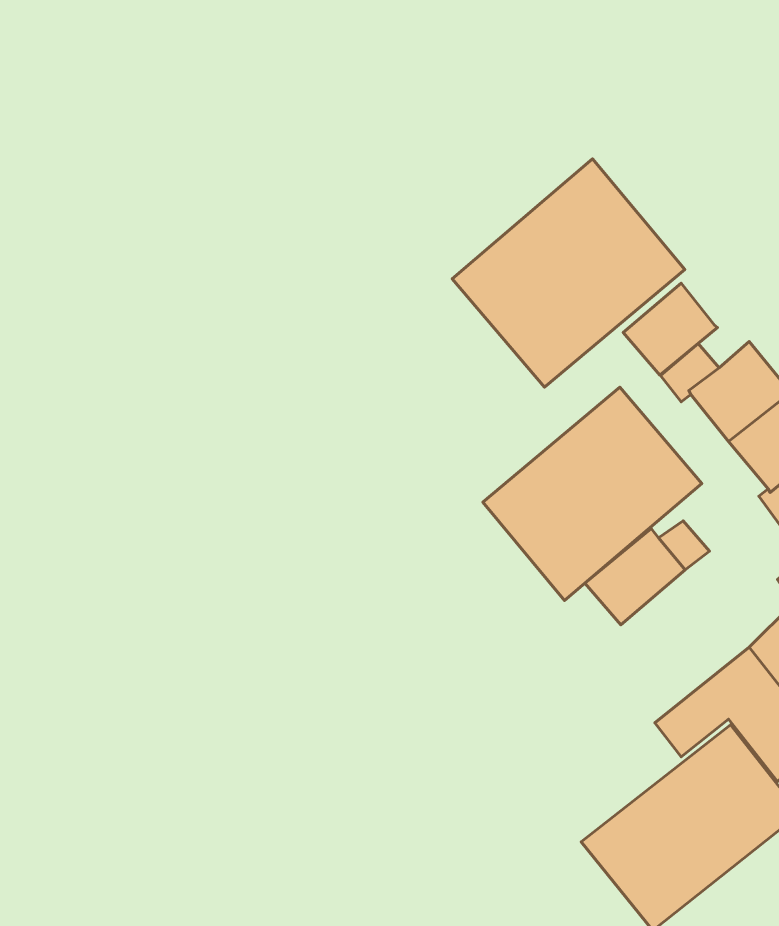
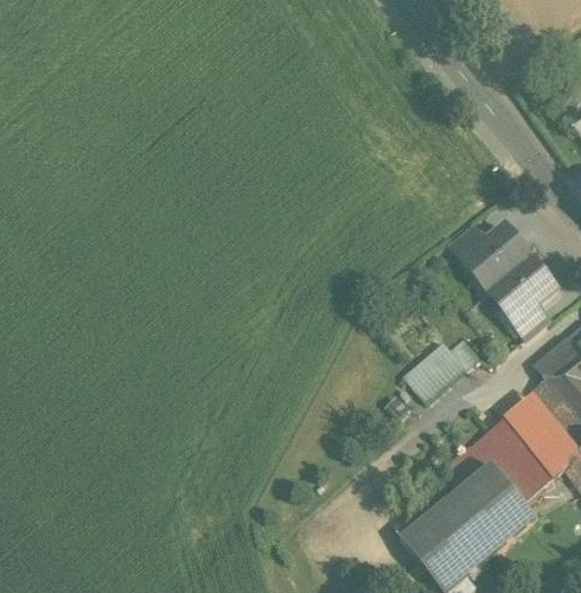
building: [452,159,685,387] -> none
building: [623,283,718,375] -> none
building: [483,387,702,601] -> none

